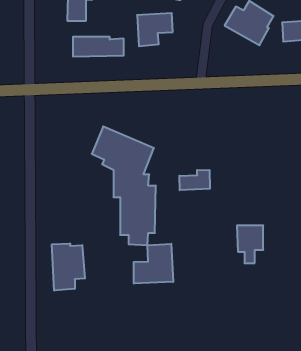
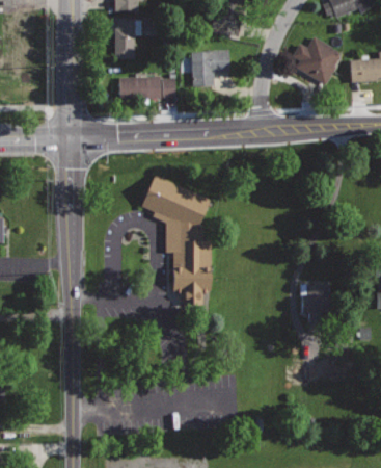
building: [179,170,210,190] -> none
building: [52,243,85,291] -> none
building: [134,244,173,284] -> none

